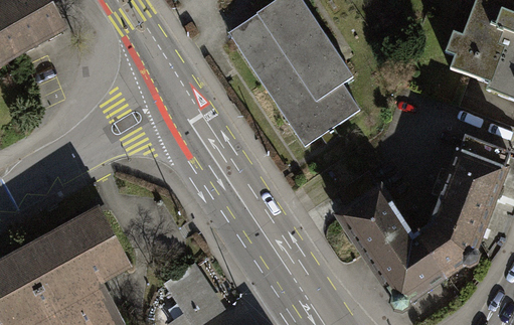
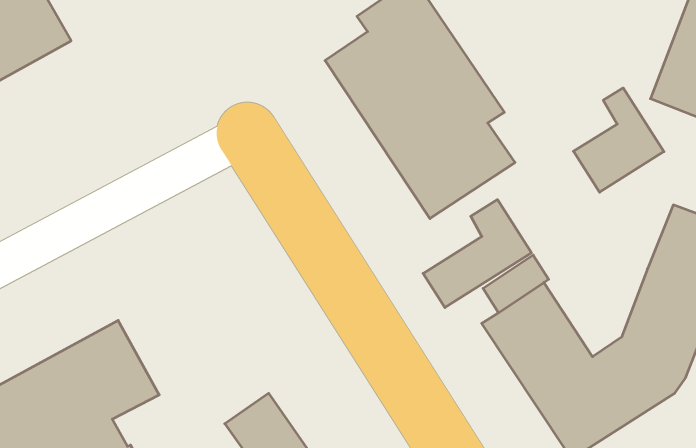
building: none -> [573,88,664,192]
building: none -> [423,200,531,308]

